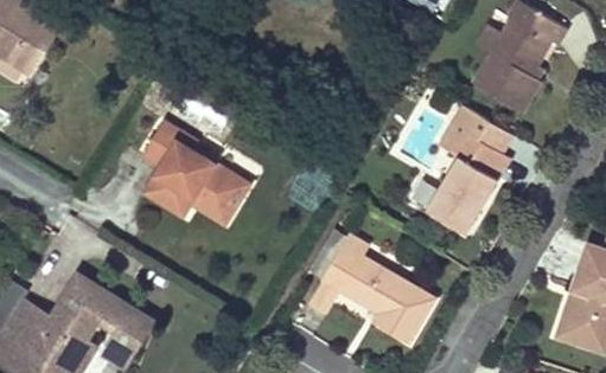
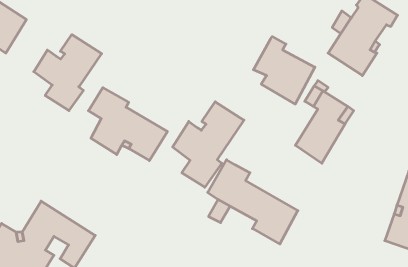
building: none -> [34,35,102,111]
building: none -> [253,37,315,104]
building: none -> [173,102,244,187]

